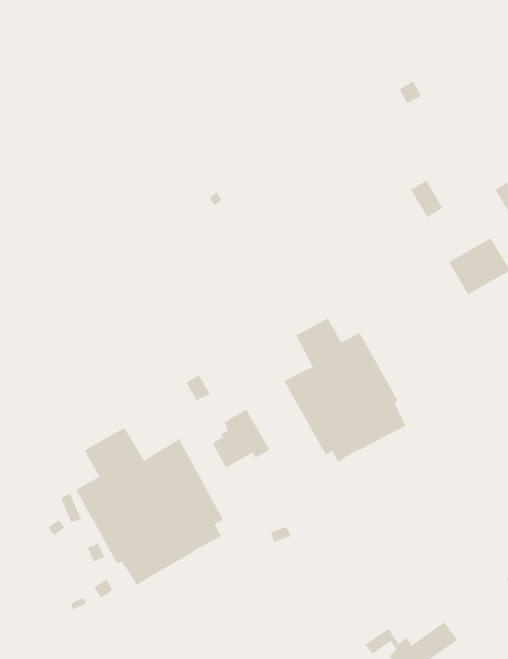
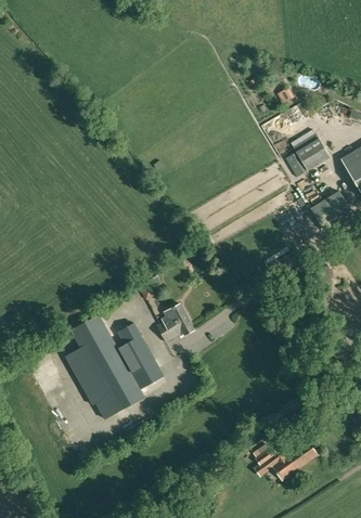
building: none -> [296,138,330,170]
building: [283,317,406,463] -> none

